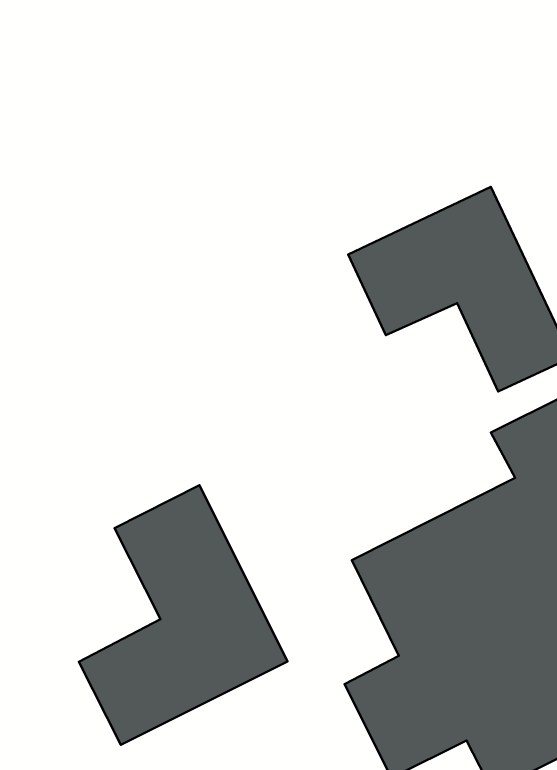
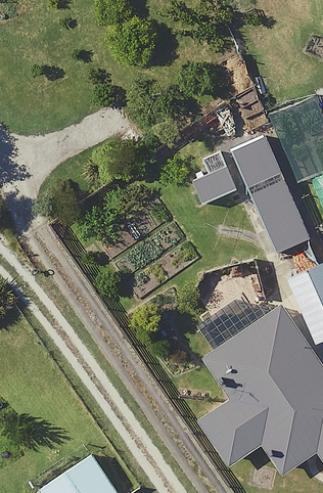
building: [79,485,288,745] -> none

